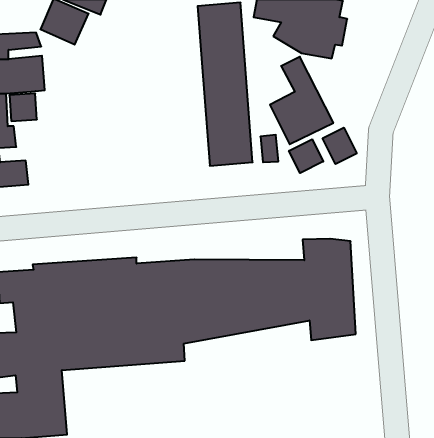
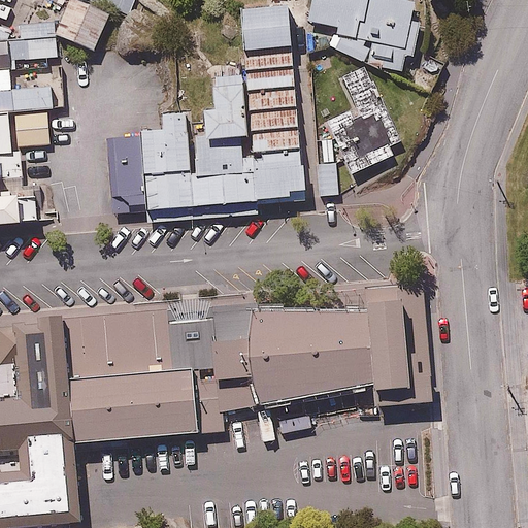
building: none -> [104,75,252,209]
building: [323,128,357,164] -> none
building: [289,139,323,173] -> none

